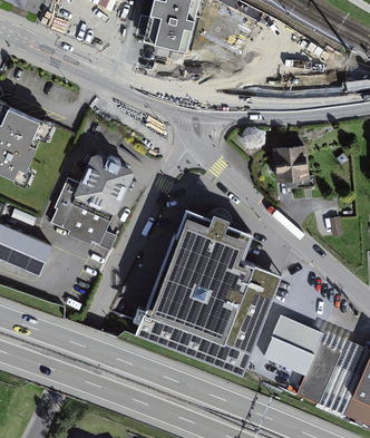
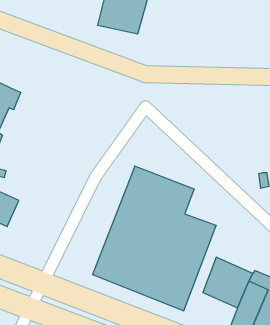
building: [273,145,309,181] -> none
building: [48,158,134,251] -> none

